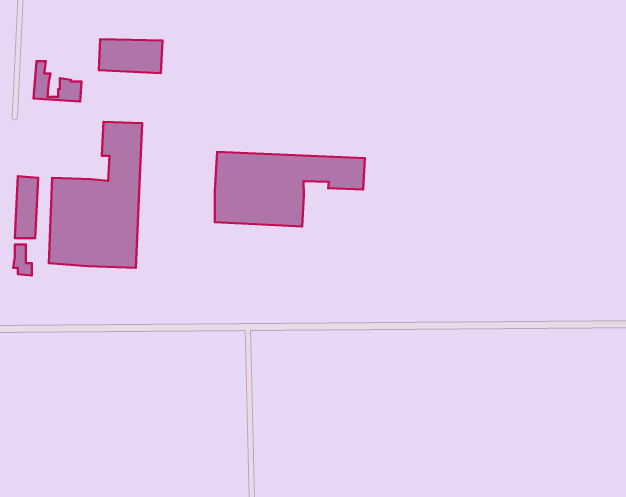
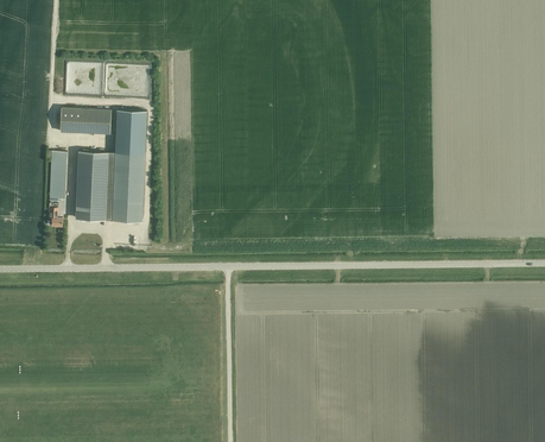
building: [99,39,162,73] -> [61,108,109,134]
building: [215,152,365,226] -> none

